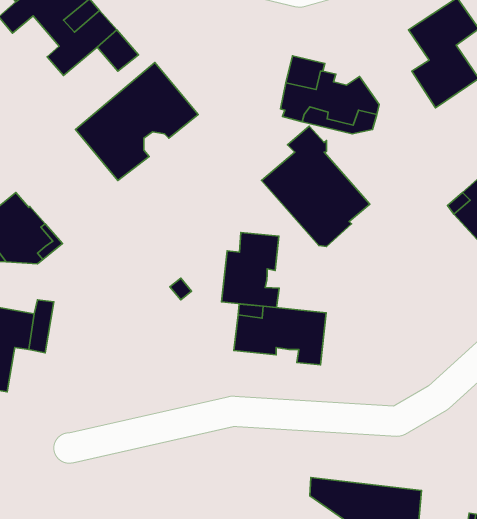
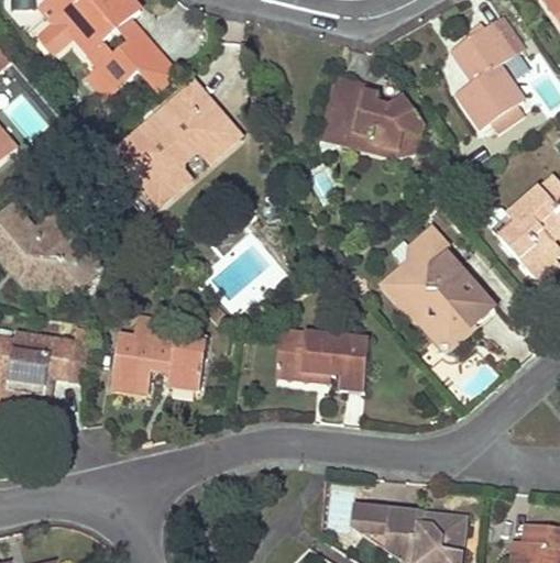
building: [261,126,370,247] -> [385,228,495,350]
building: [222,233,279,308] -> none
building: none -> [111,318,208,387]

